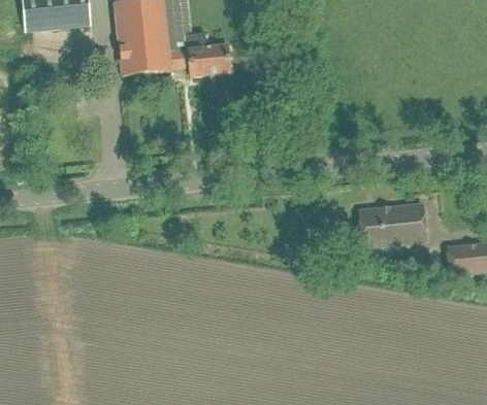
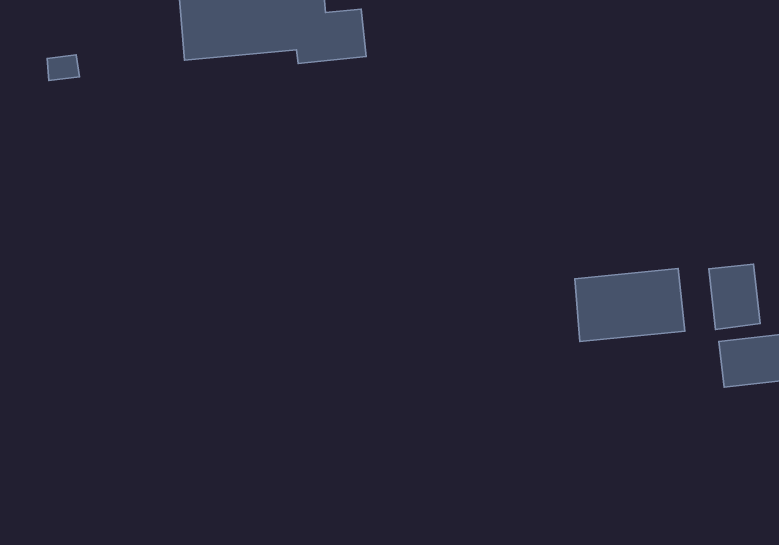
building: none -> [709,264,760,330]

